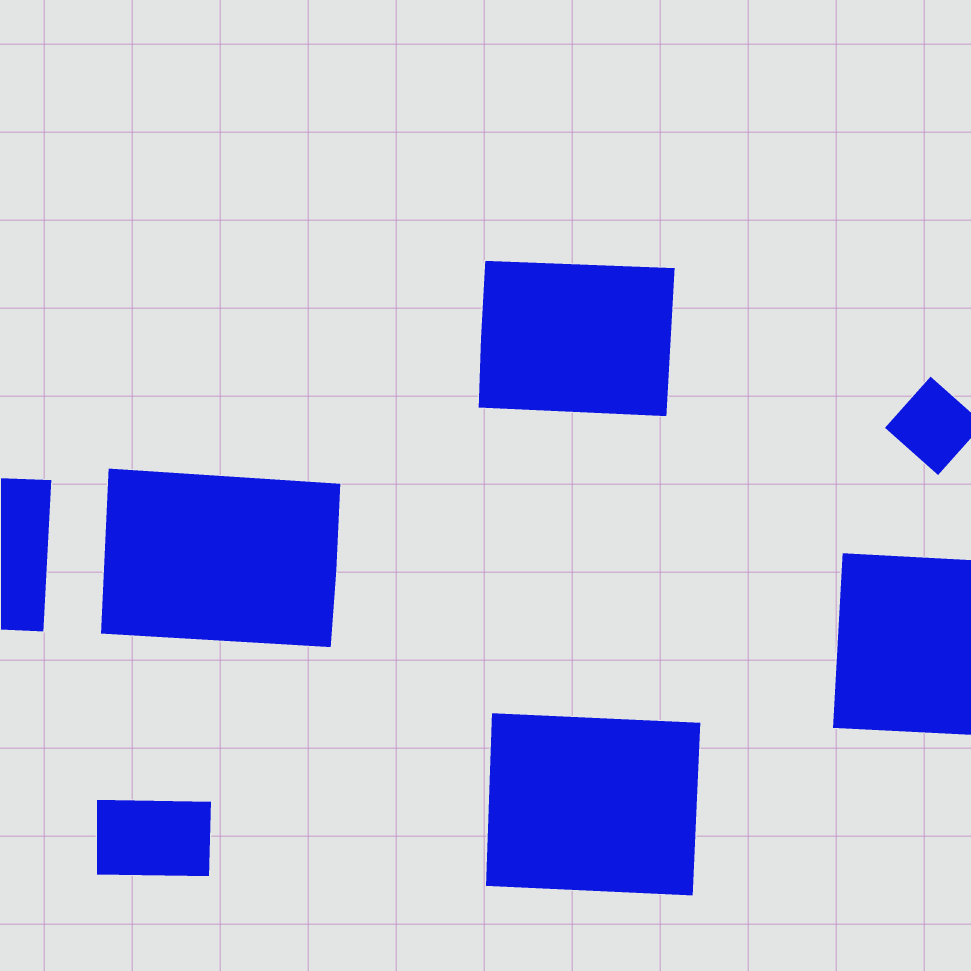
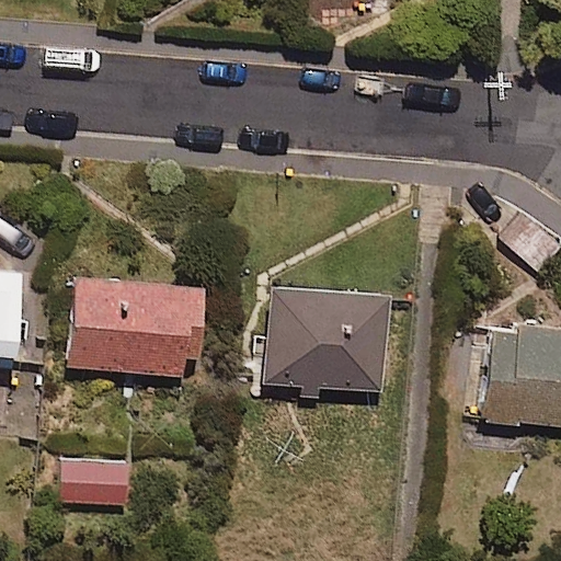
building: [478,260,675,417] -> none
building: [485,713,701,896] -> [265,286,388,390]

